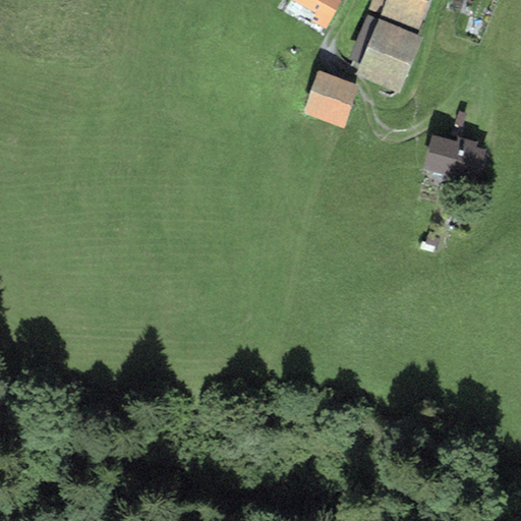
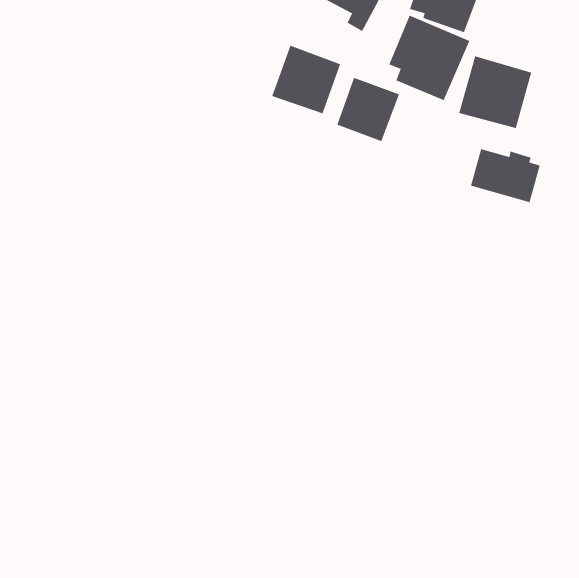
building: none -> [271,45,341,114]
building: none -> [458,55,532,129]

